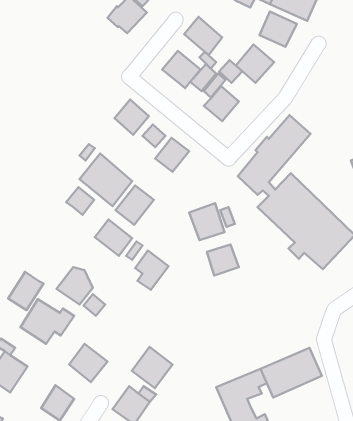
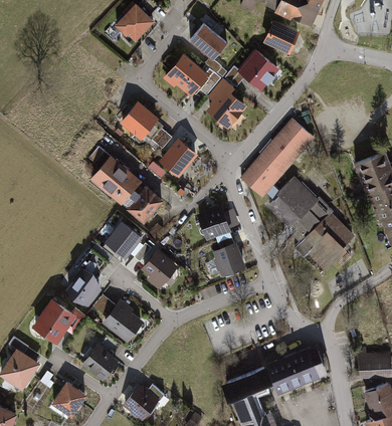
building: [66,187,94,215] -> none
building: [8,272,43,310] -> none
building: [132,347,172,388] -> [103,301,142,342]

